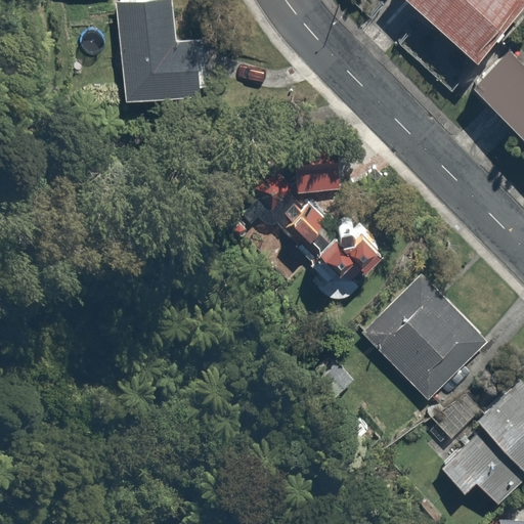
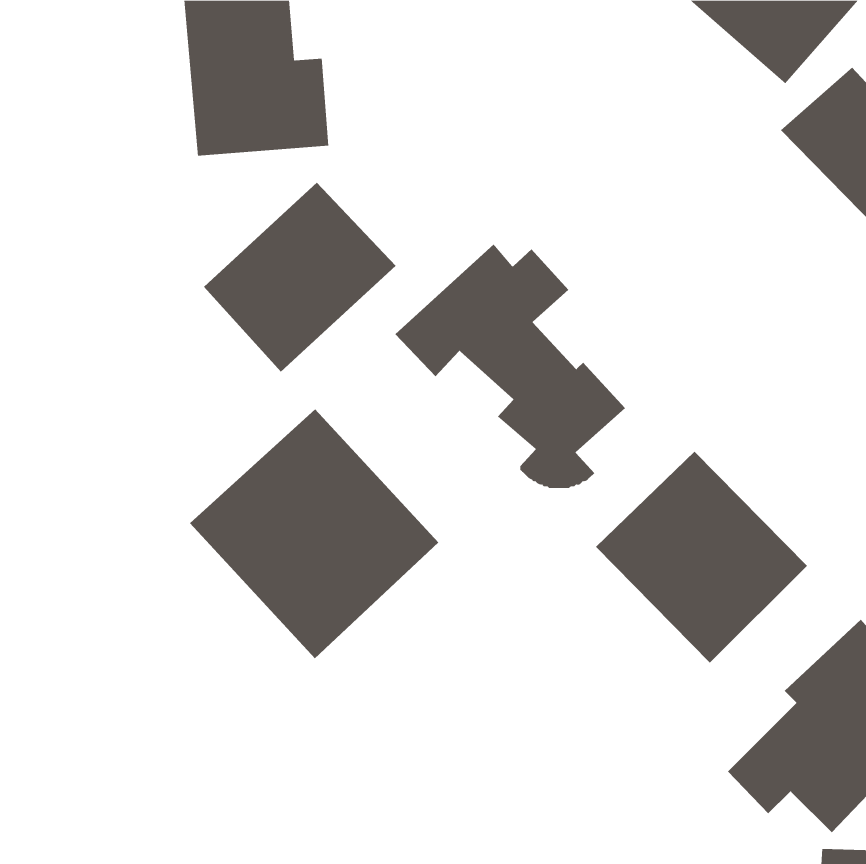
building: none -> [203,182,397,373]
building: none -> [189,408,439,659]

